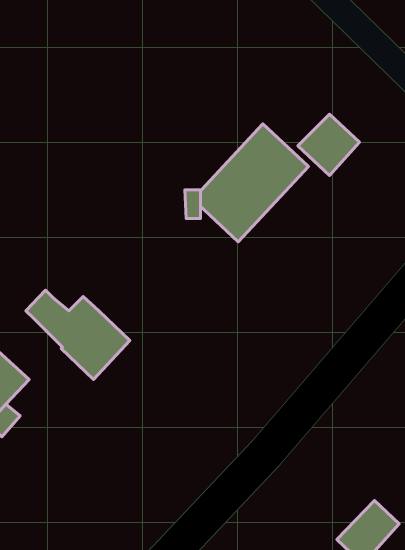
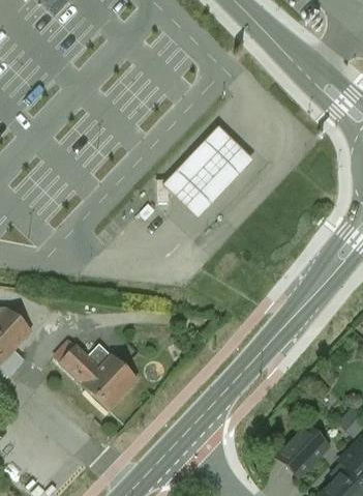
building: [298,114,360,175] -> none
building: [26,290,130,380] -> [53,338,135,409]

